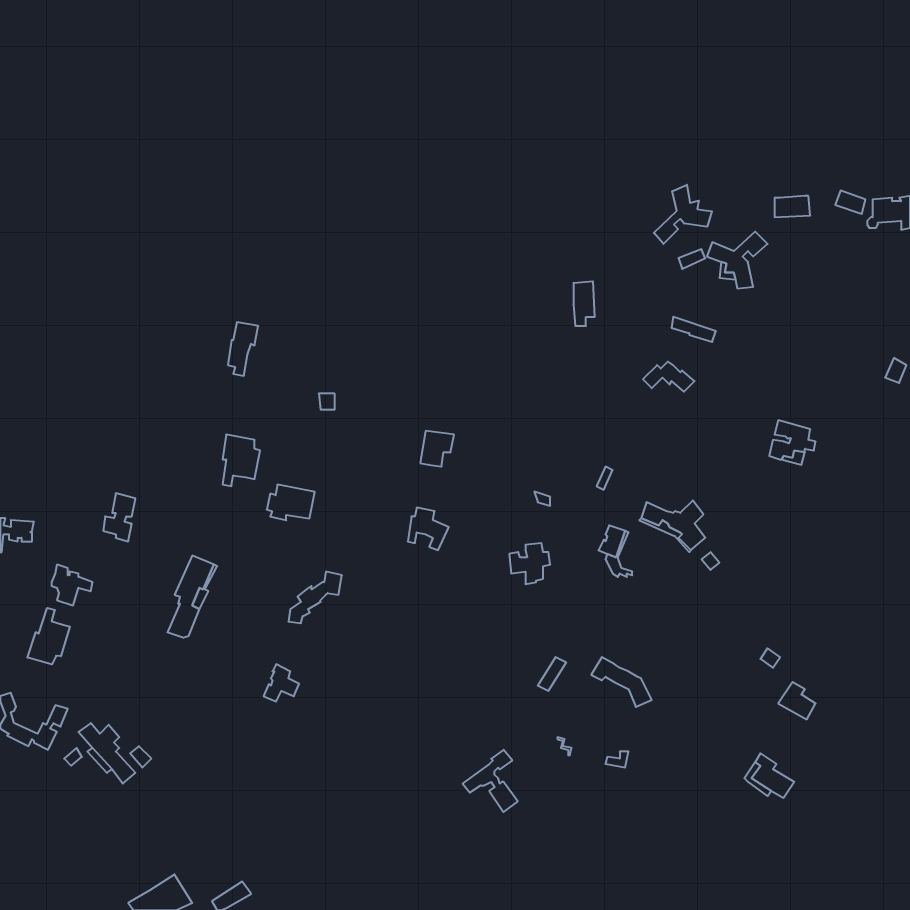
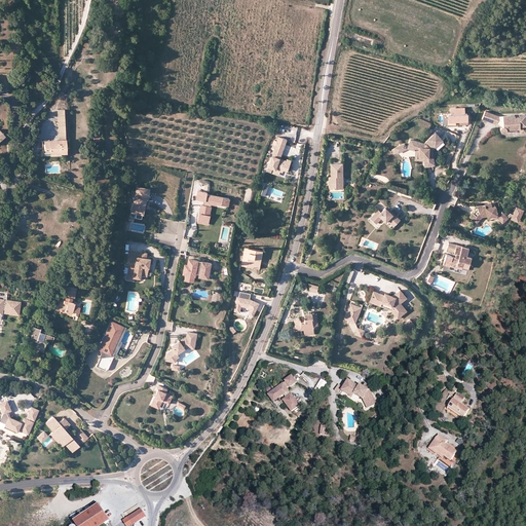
building: [654,185,712,244] -> none
building: none -> [43,109,66,154]
building: none -> [267,138,292,173]
building: none -> [196,191,229,225]
building: none -> [469,201,508,222]
building: [267,485,315,520] -> [183,260,211,280]
building: [27,608,70,664] -> none
building: [463,750,518,812] -> [267,375,299,411]

